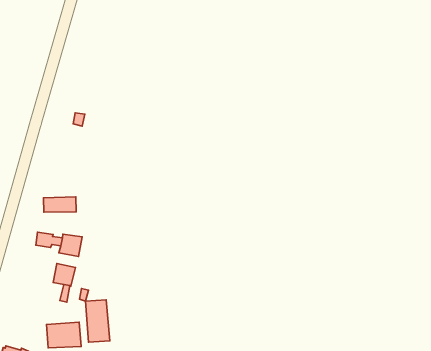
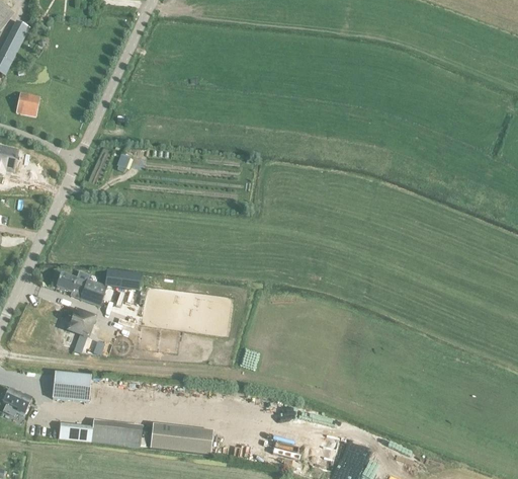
building: [44,197,76,212] -> [103,268,140,289]
building: [86,300,110,342] -> none

